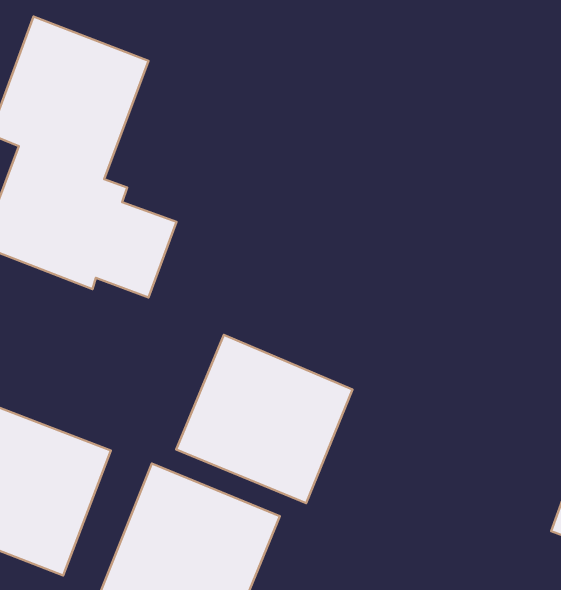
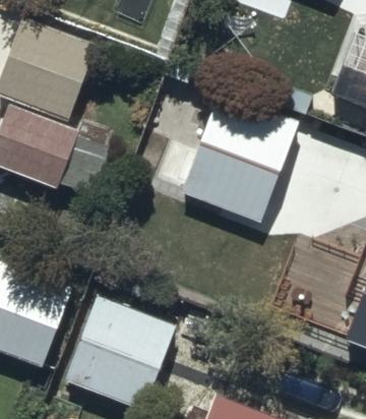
building: none -> [186,95,300,224]
building: [176,335,353,503] -> none

